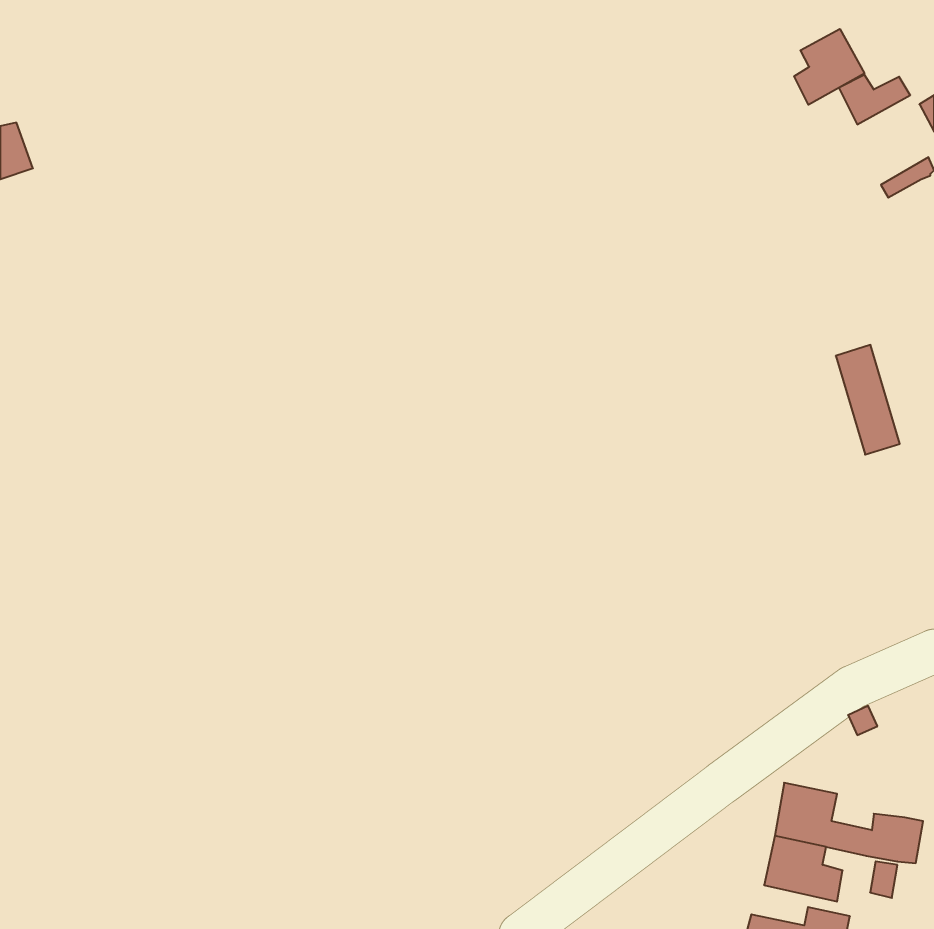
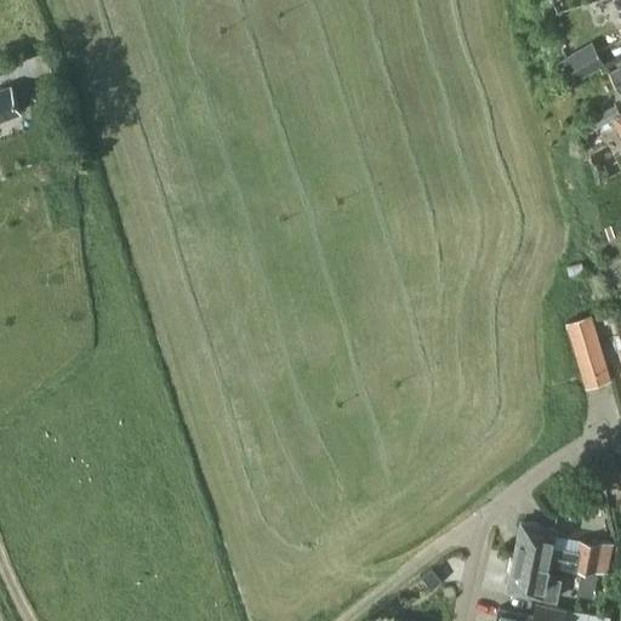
building: [794,29,864,105] -> none
building: [836,345,900,455] -> [568,317,610,389]

